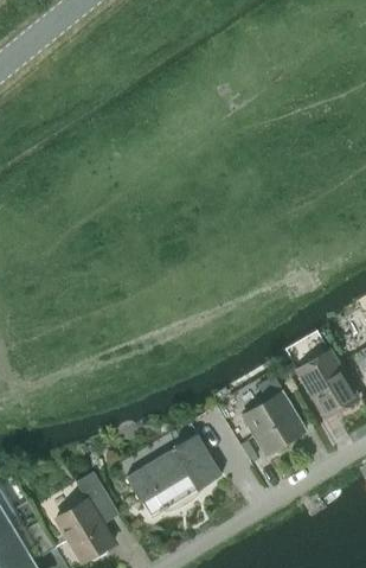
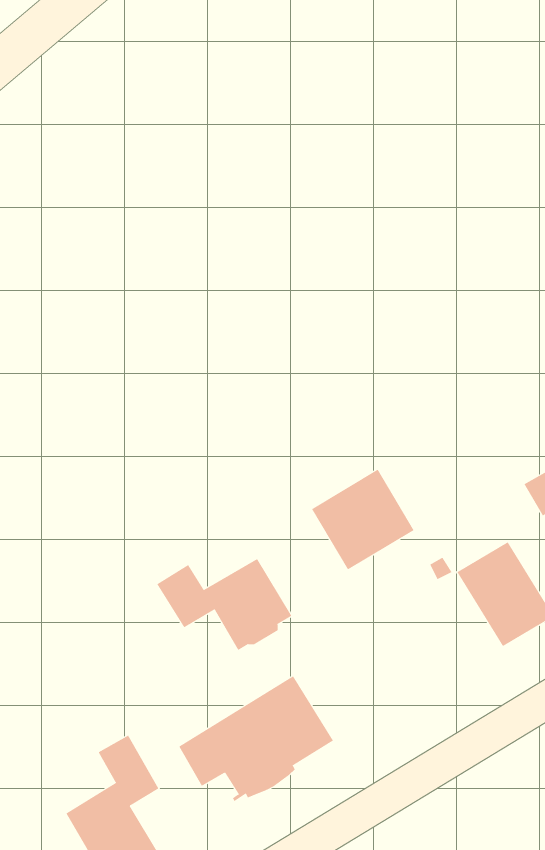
building: none -> [157,558,292,651]
building: [242,391,306,454] -> [311,469,415,570]

